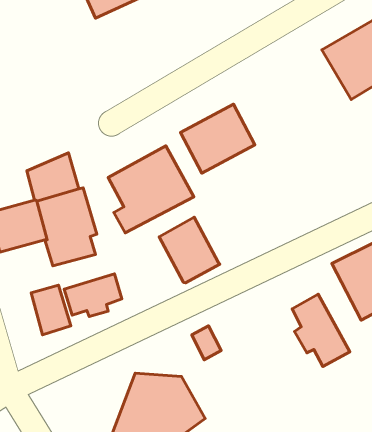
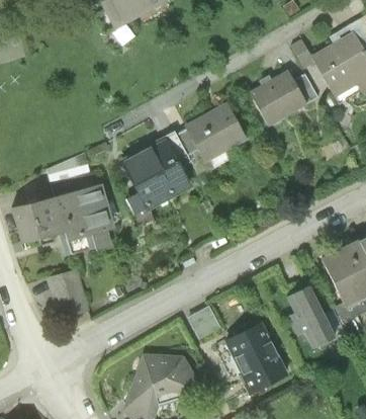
building: none -> [246,73,318,140]
building: [159,217,220,283] -> none
building: [64,274,122,317] -> none
building: none -> [221,318,289,394]

